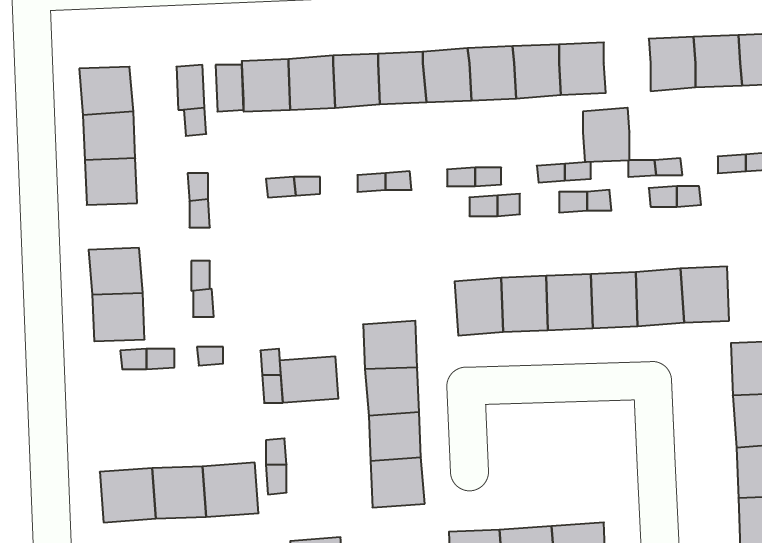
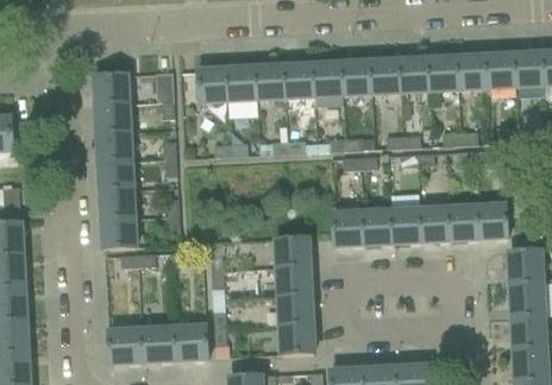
building: [583,108,630,162] -> [428,56,458,90]
building: none -> [99,160,132,190]
building: [280,356,338,403] -> none

